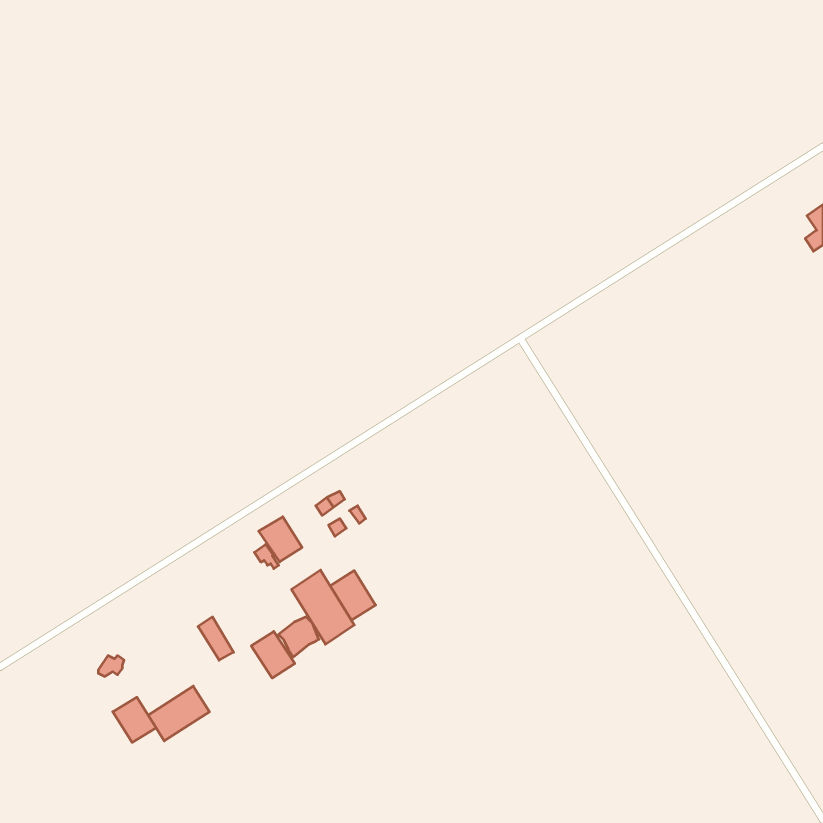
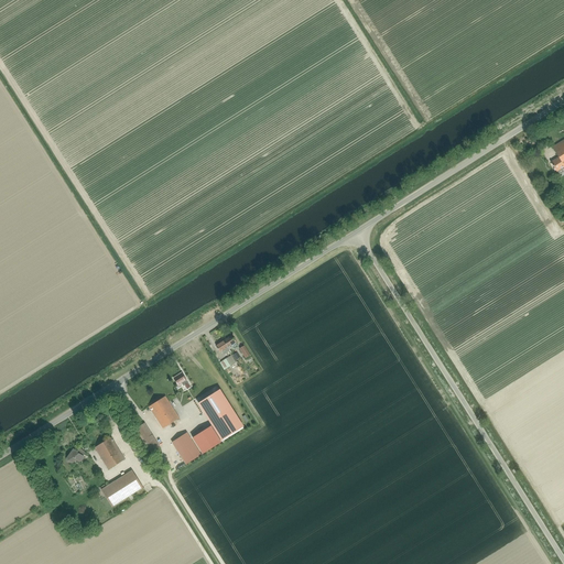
building: [259,517,302,562] -> [149,397,178,427]
building: [330,571,376,620] -> none
building: [113,697,156,742] -> [95,437,124,468]

